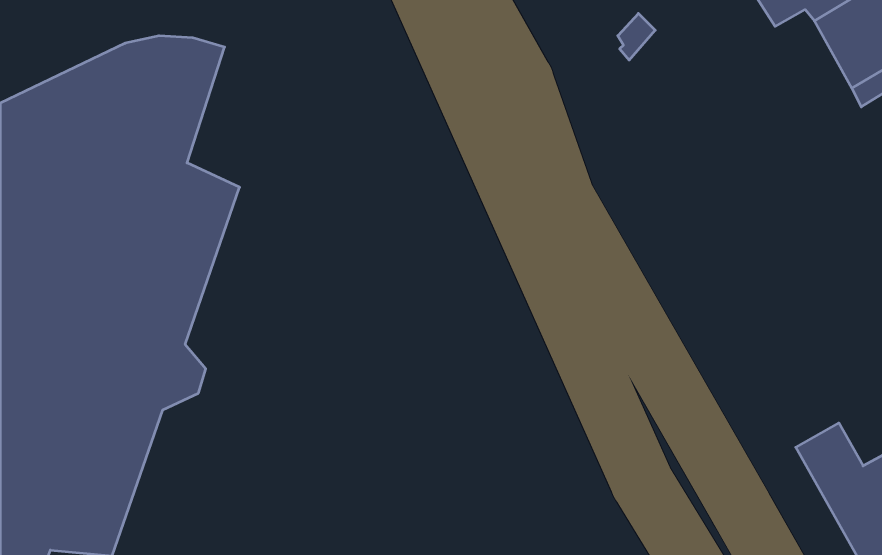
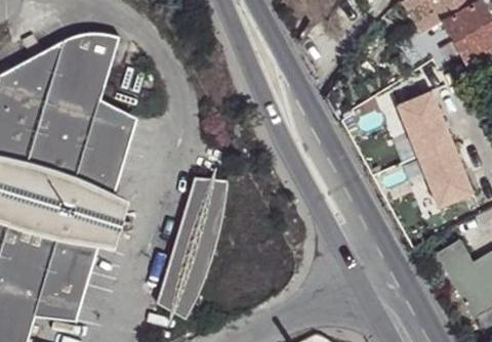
building: none -> [396,91,478,211]
building: none -> [153,173,230,310]

